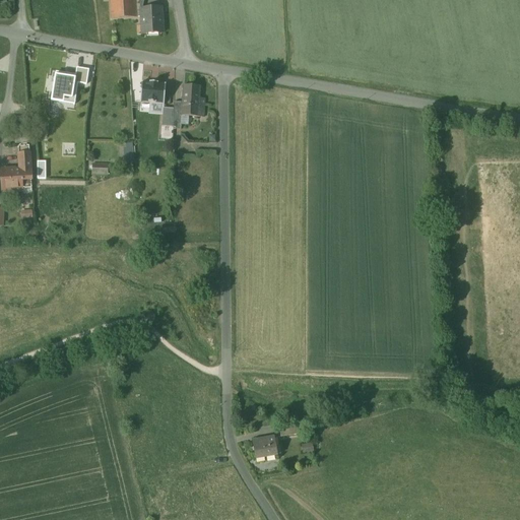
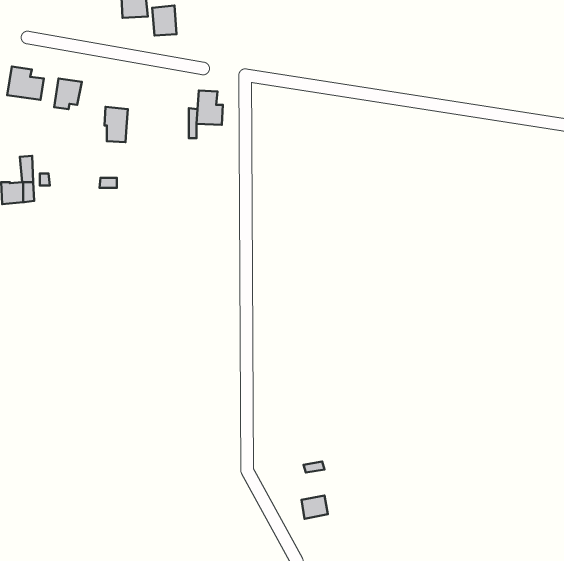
building: none -> [7,66,44,100]
building: [141,80,162,113] -> [105,107,128,142]
building: [252,435,276,456] -> [301,496,328,519]

